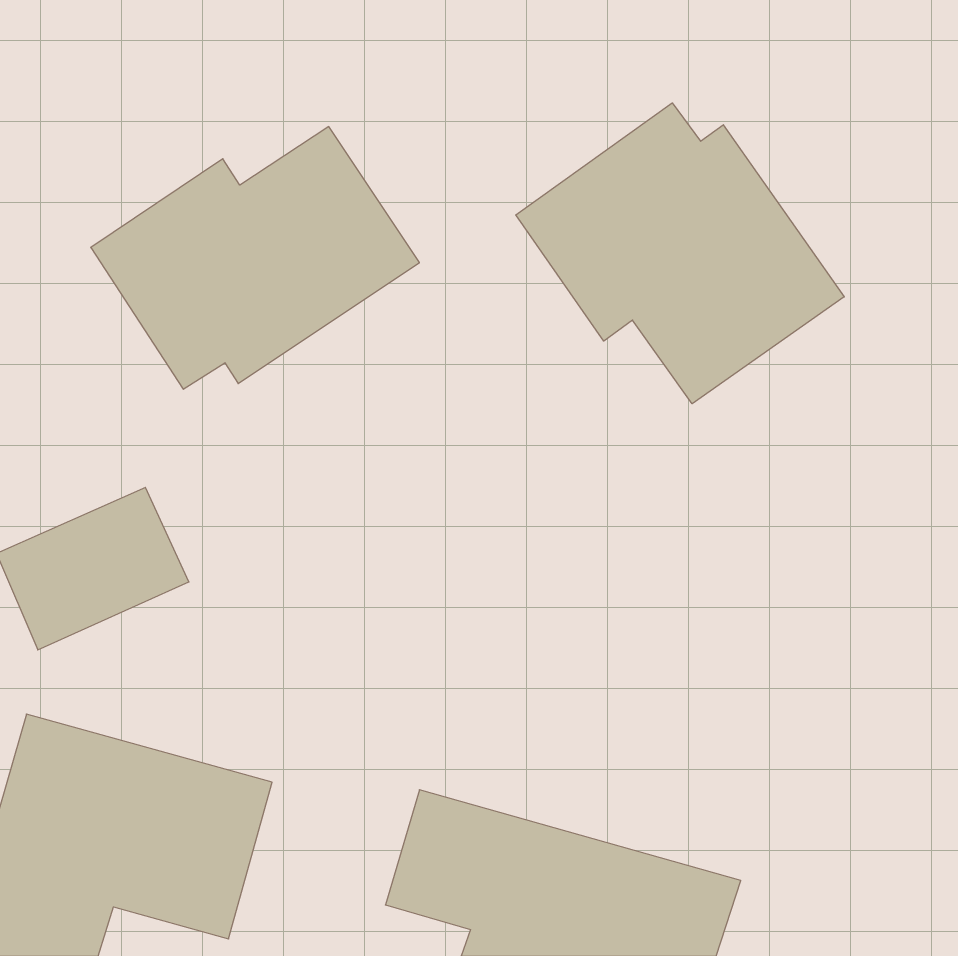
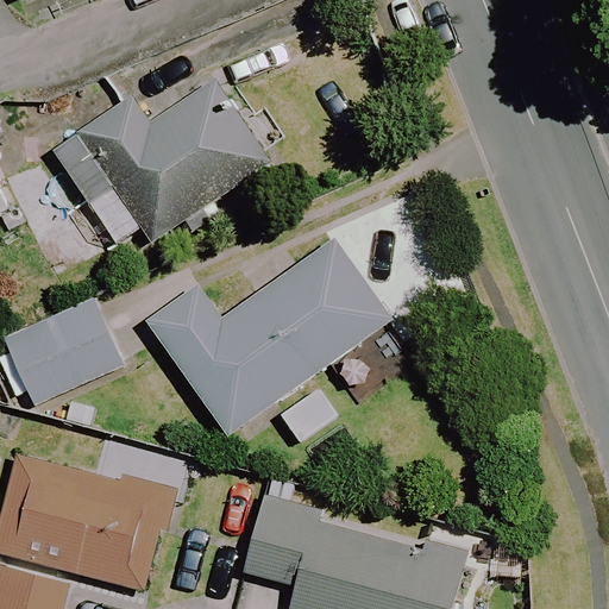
building: [516,103,844,404] -> none
building: none -> [149,239,391,435]

